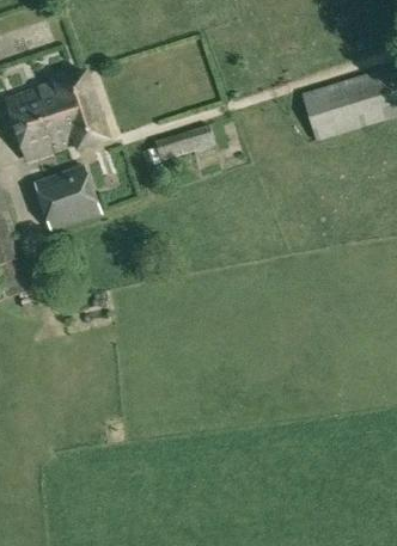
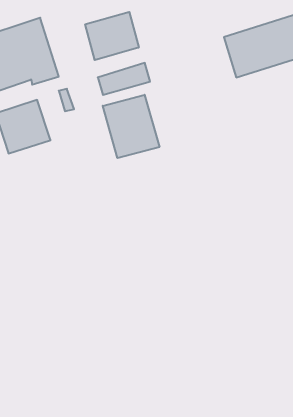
building: none -> [85,12,139,60]
building: none -> [103,95,159,158]

